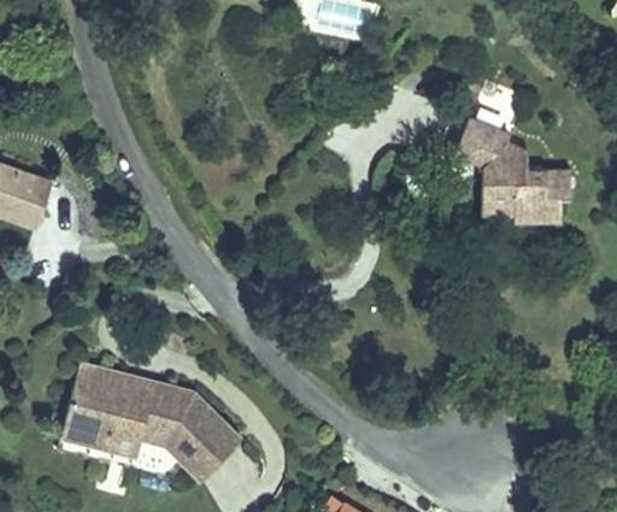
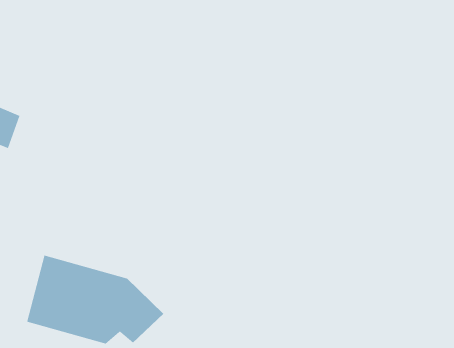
building: [449,113,580,217] -> none

